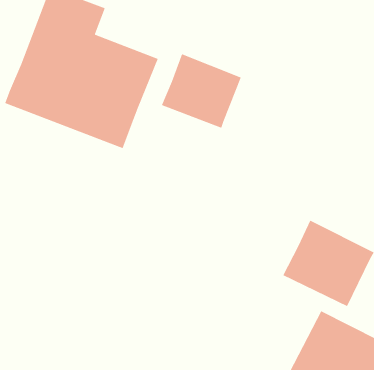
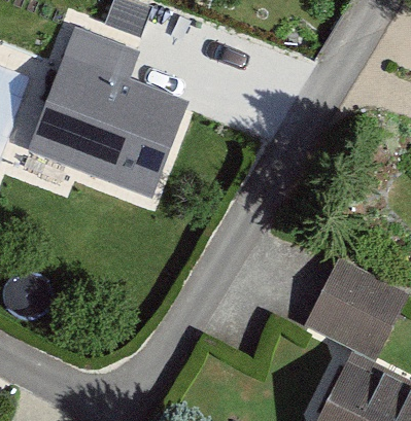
building: [161,53,242,129] -> none

